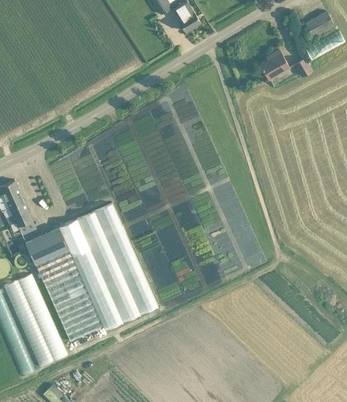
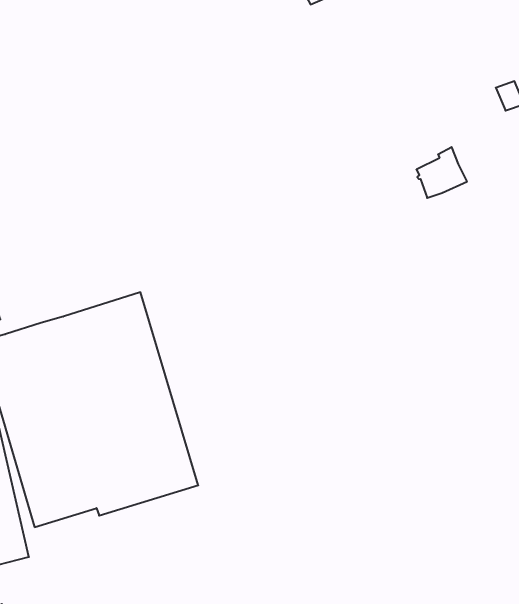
building: [260,49,289,79] -> [416,147,467,198]

